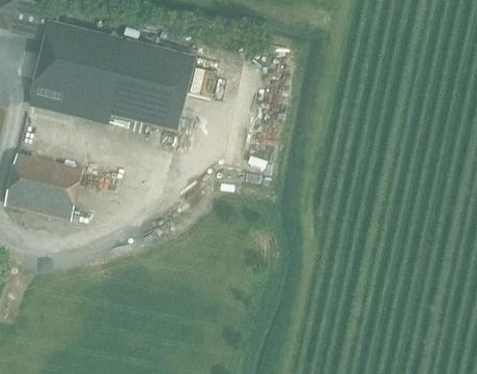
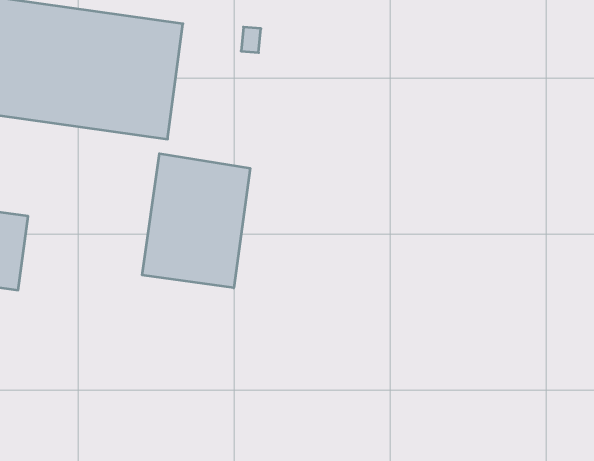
building: none -> [142,154,250,288]

